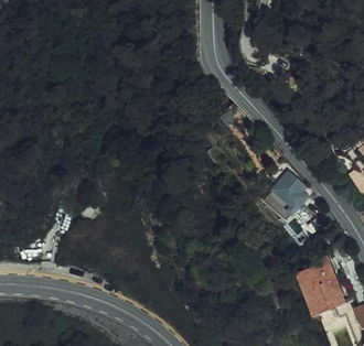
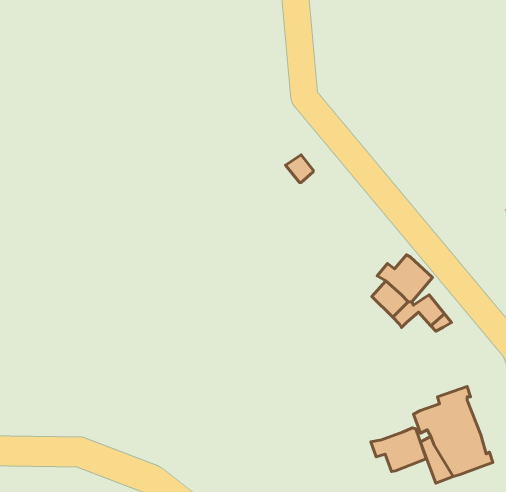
building: none -> [371,428,426,471]

